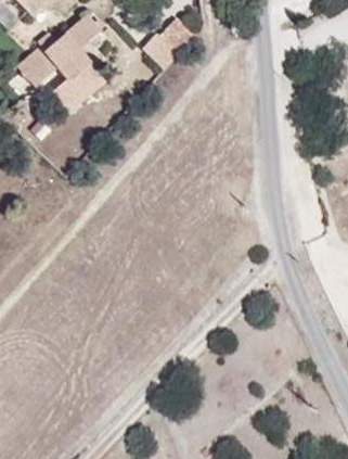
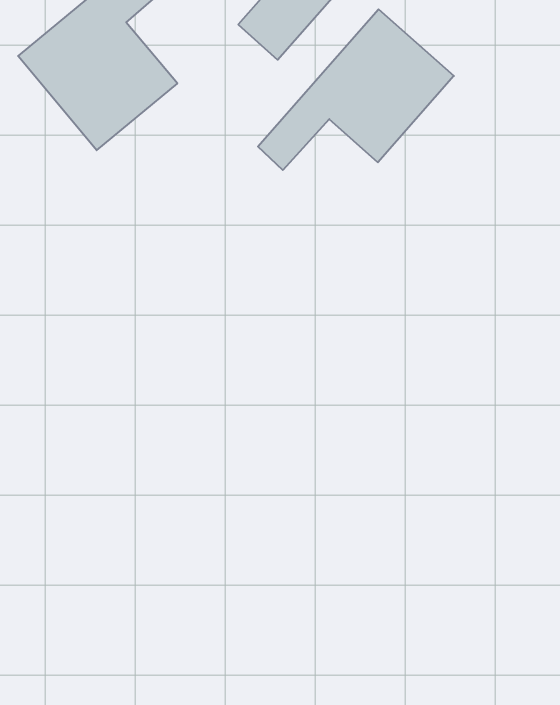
building: none -> [258,9,454,170]

